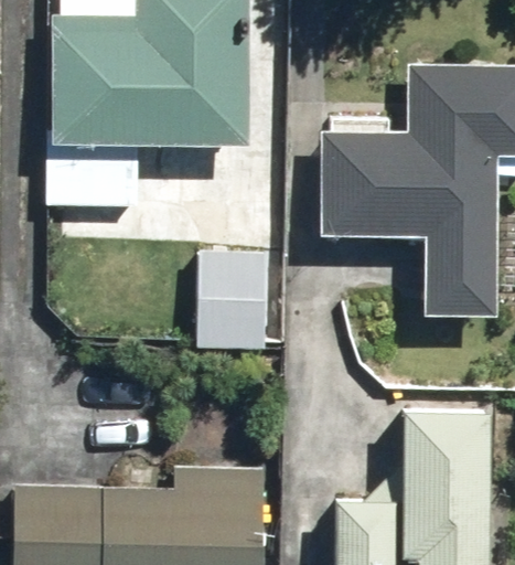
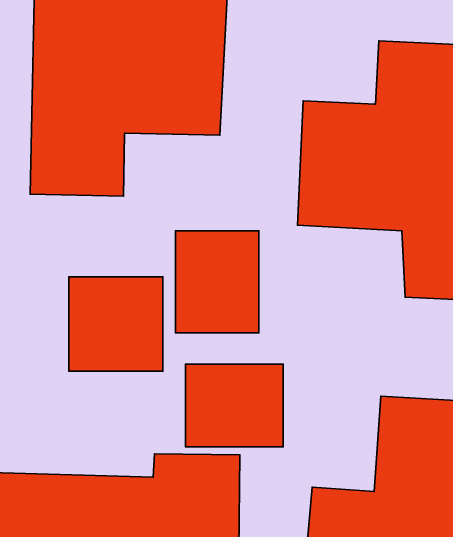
building: none -> [69,277,163,371]
building: none -> [186,364,283,447]

